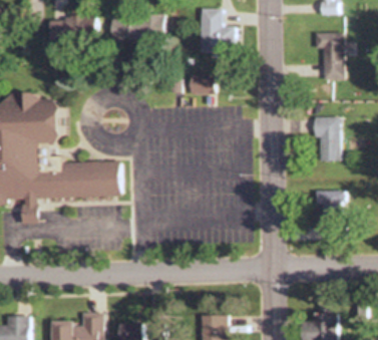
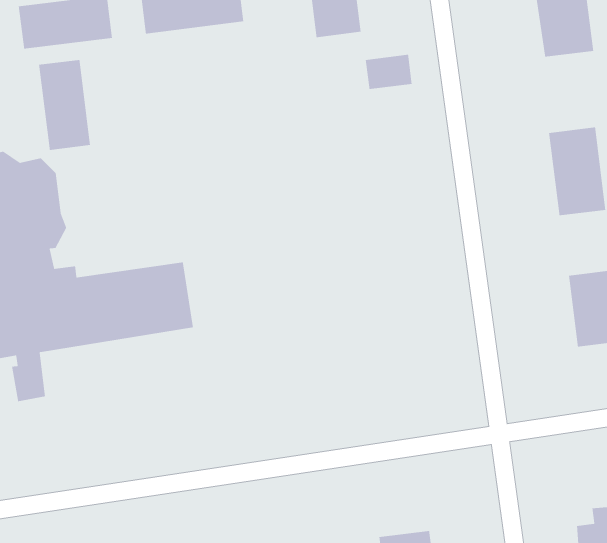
building: none -> [38,59,91,151]
building: [191,76,214,92] -> [365,54,413,90]

